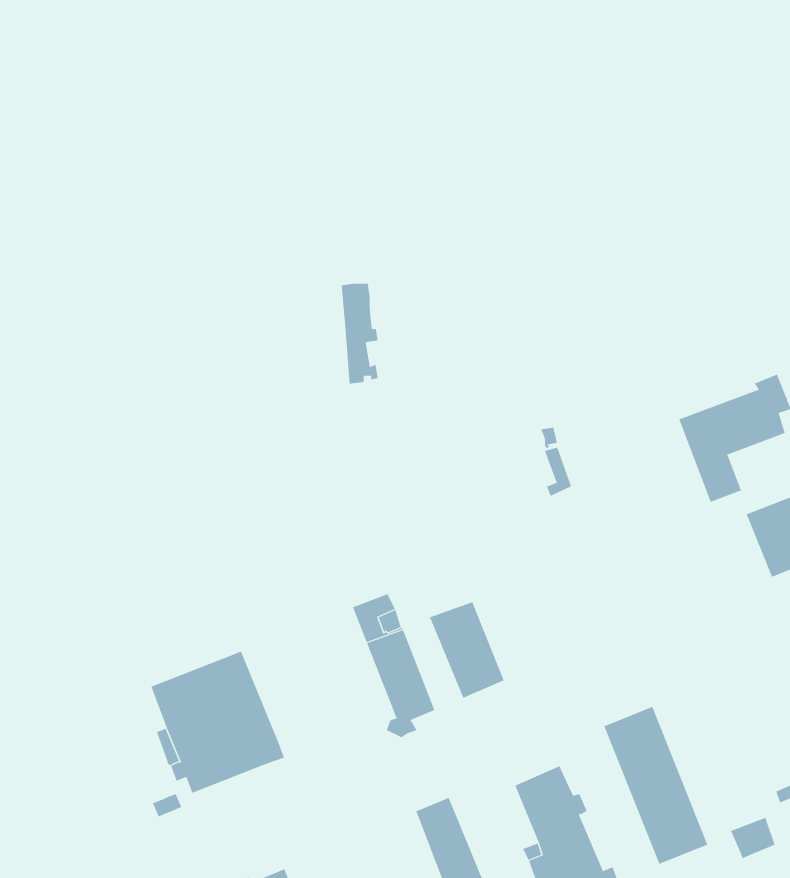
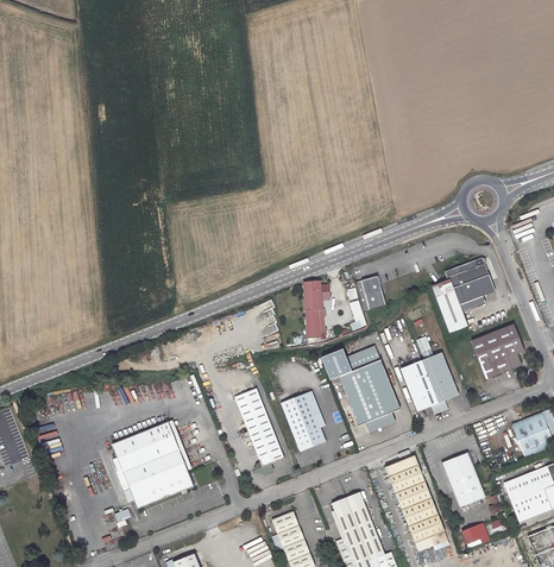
building: [341,283,379,384] -> [303,281,326,341]
building: none -> [355,275,385,310]
building: none -> [401,335,458,414]
building: none -> [321,347,401,431]
building: none -> [441,452,485,506]

